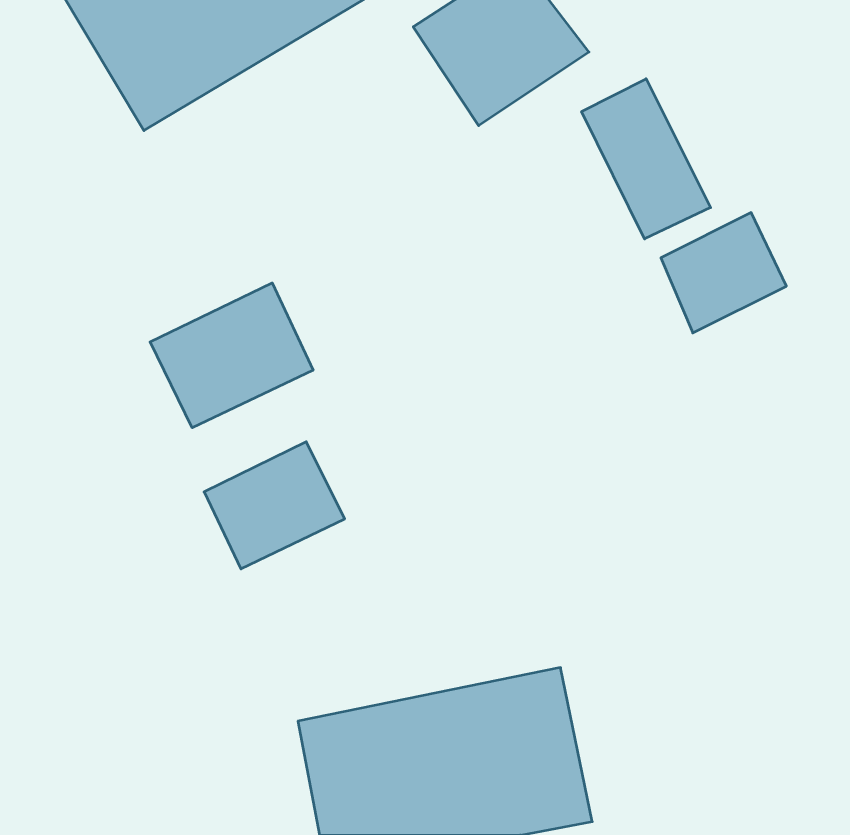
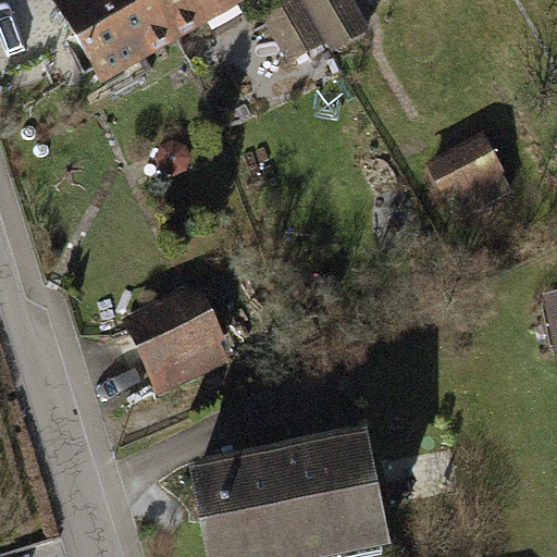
building: [582,79,711,239] -> none
building: [150,283,313,428] -> none

